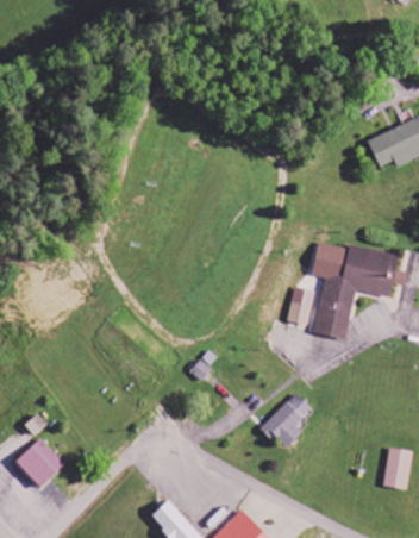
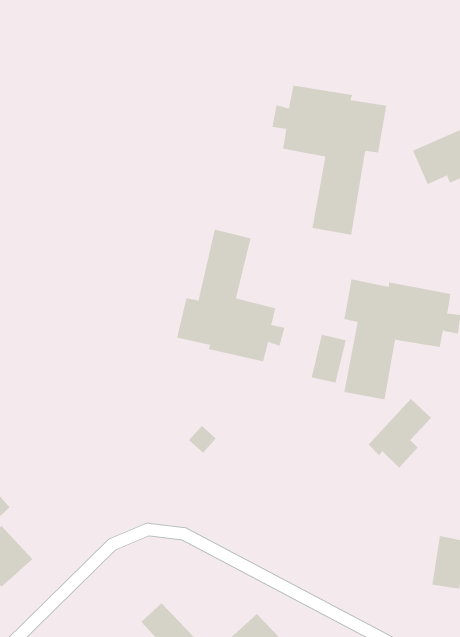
building: none -> [272,85,387,235]
building: none -> [177,229,285,362]
building: [259,392,311,448] -> [368,398,432,468]

